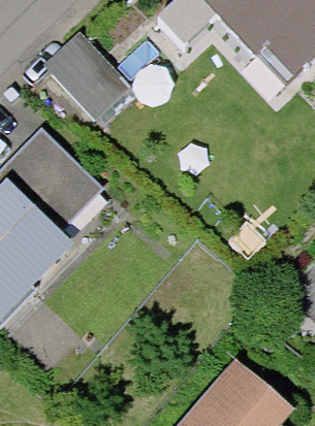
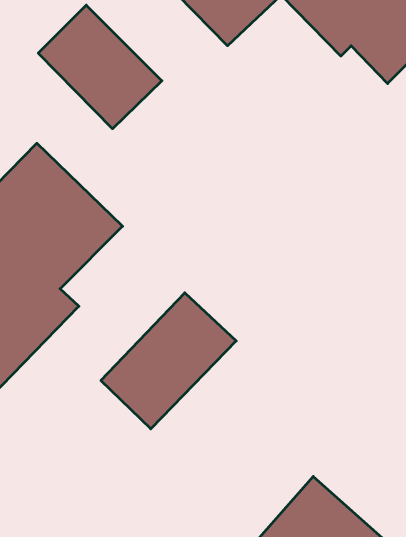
building: none -> [101,293,236,429]

